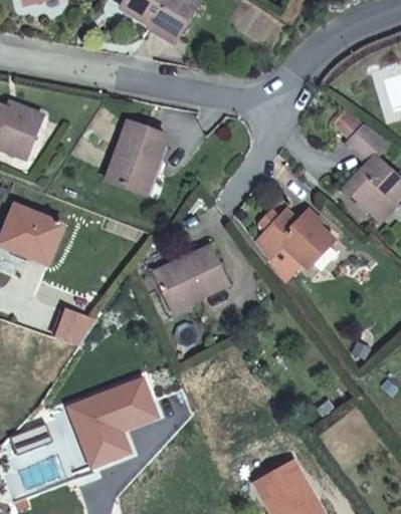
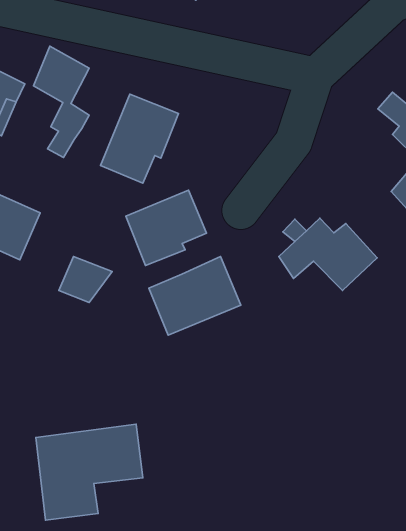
building: none -> [33,46,89,157]
building: none -> [126,190,207,265]
building: [58,309,101,345] -> [59,257,112,302]

